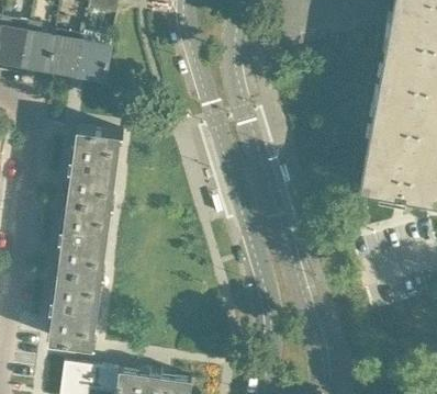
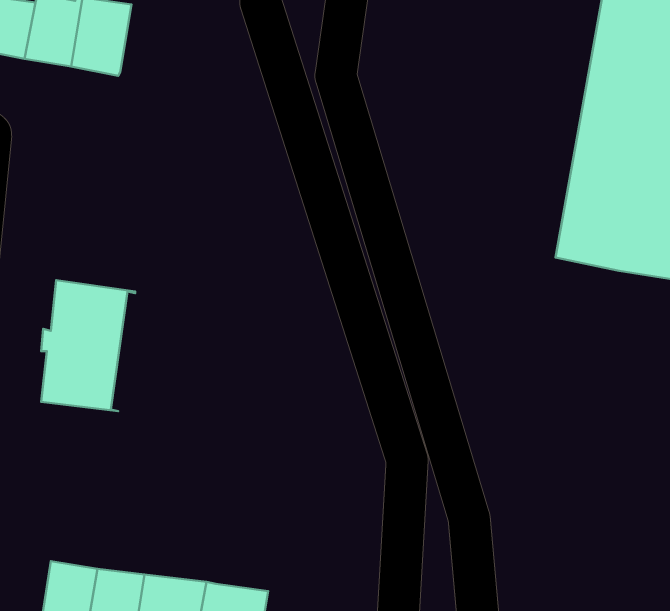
building: [67,128,123,205] -> none
building: [48,270,103,347] -> none

